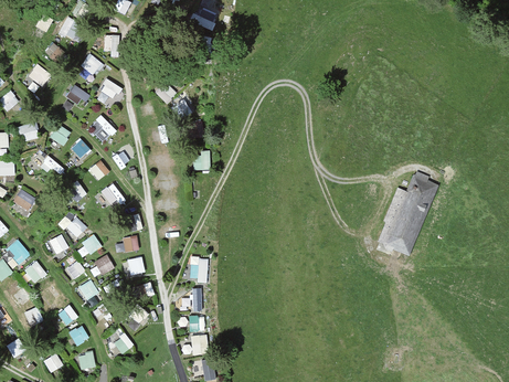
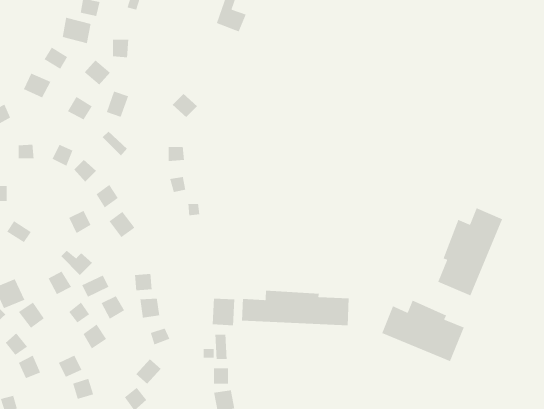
building: none -> [241,290,350,326]
building: none -> [381,299,465,362]

